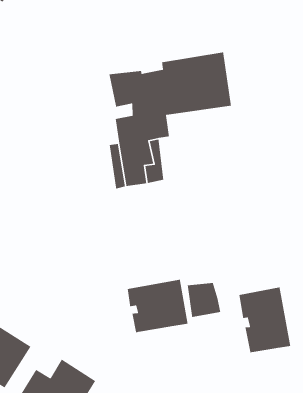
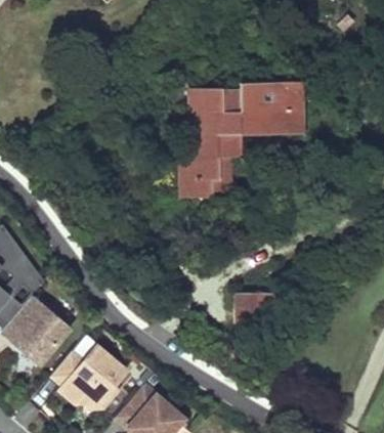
building: [127,279,189,333] -> none
building: [238,287,291,353] -> none

